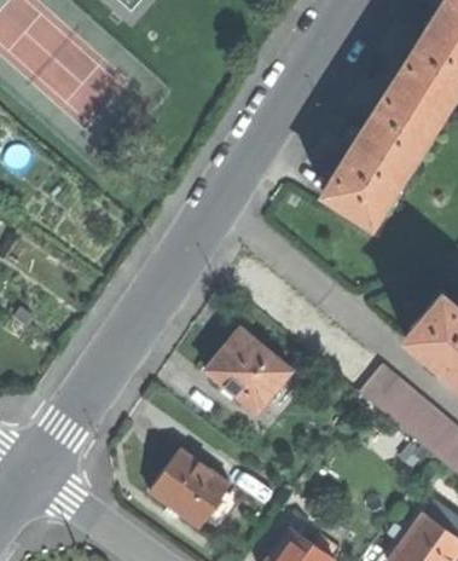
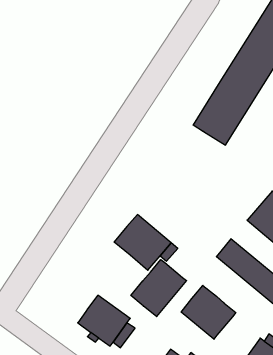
building: none -> [131,260,187,317]
building: none -> [181,285,236,339]

